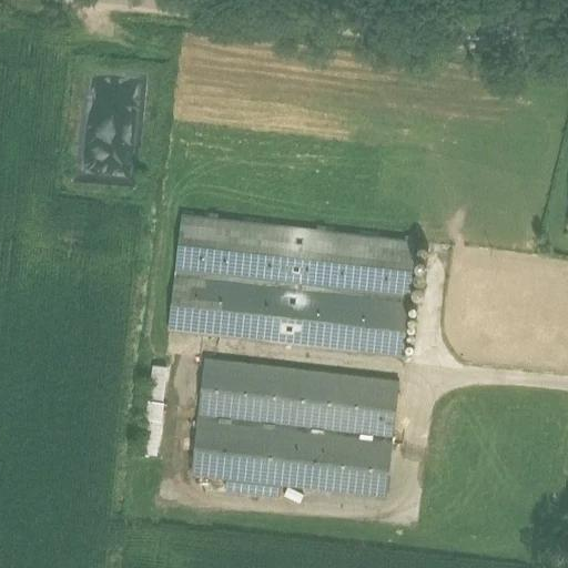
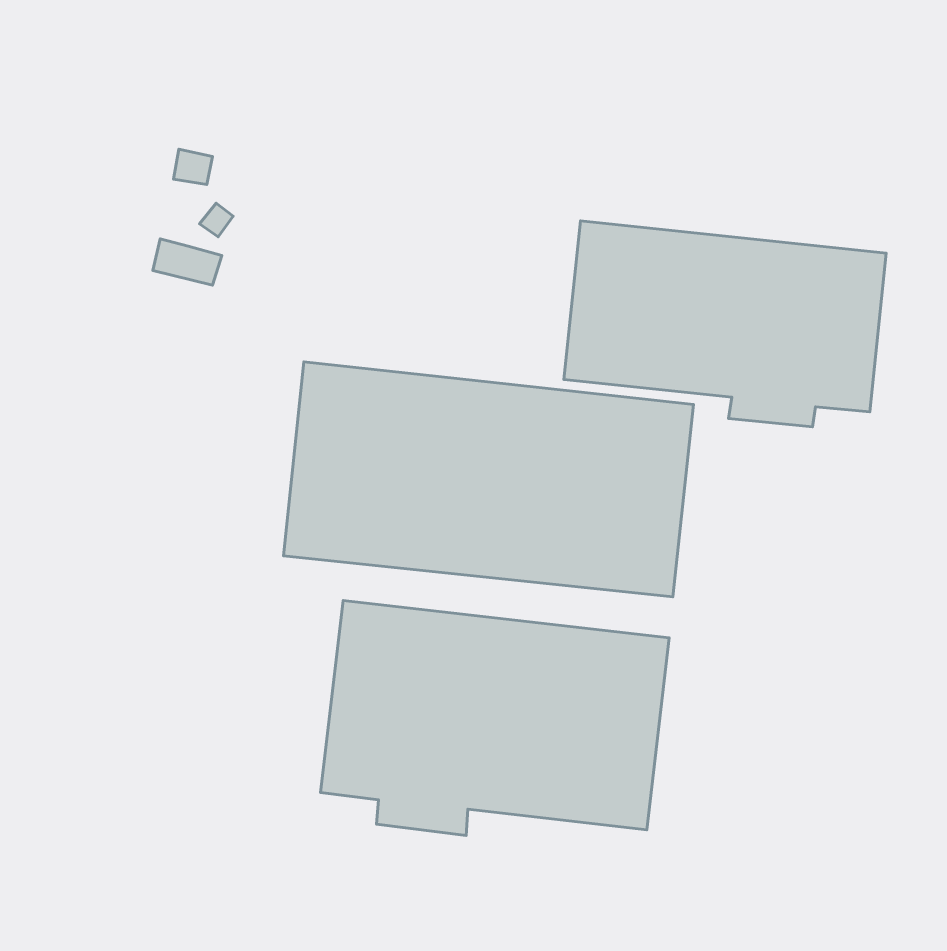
building: none -> [564,221,886,427]

